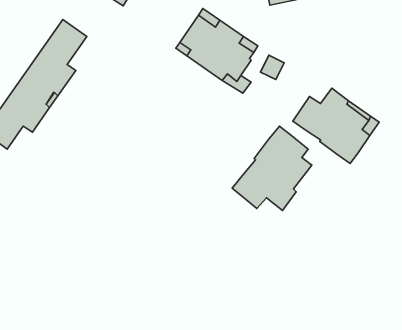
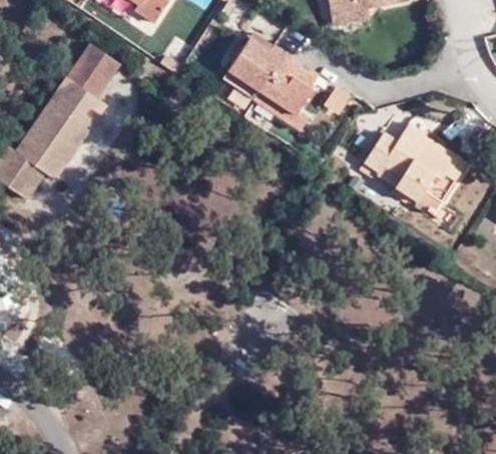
building: [232,126,312,210] -> none

